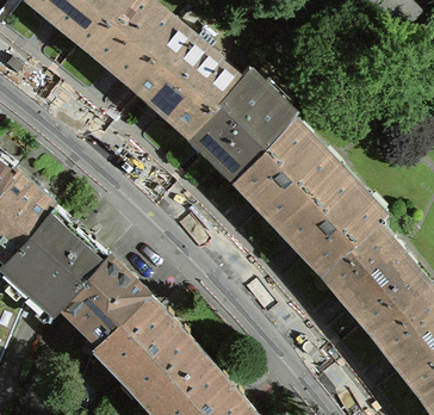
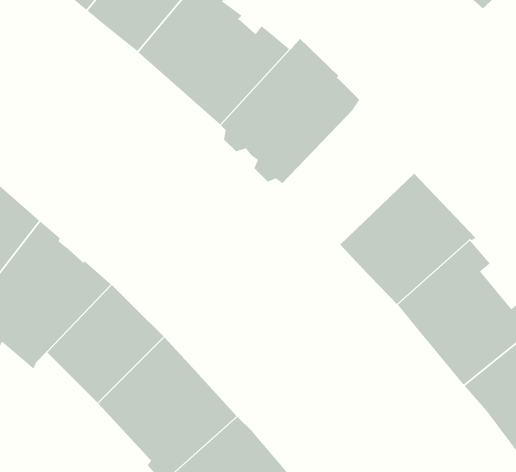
building: [235,122,334,223] -> none

